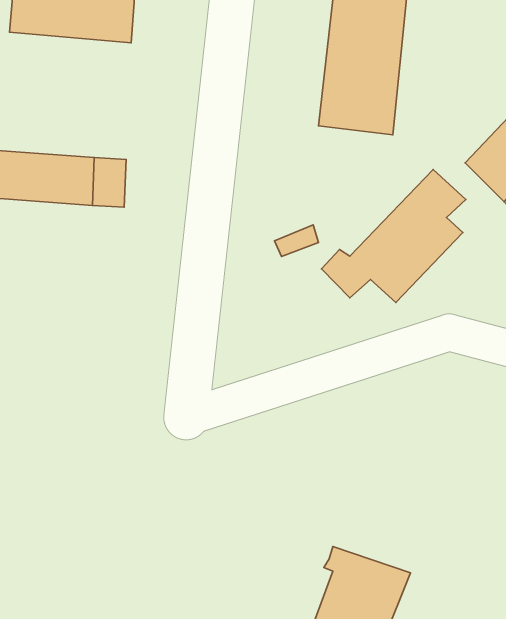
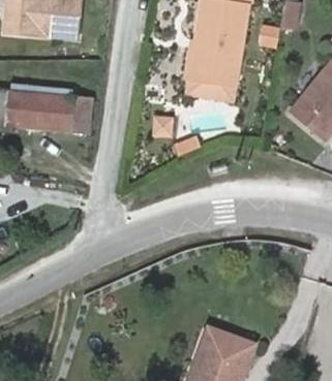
building: [322,170,466,302] -> none

